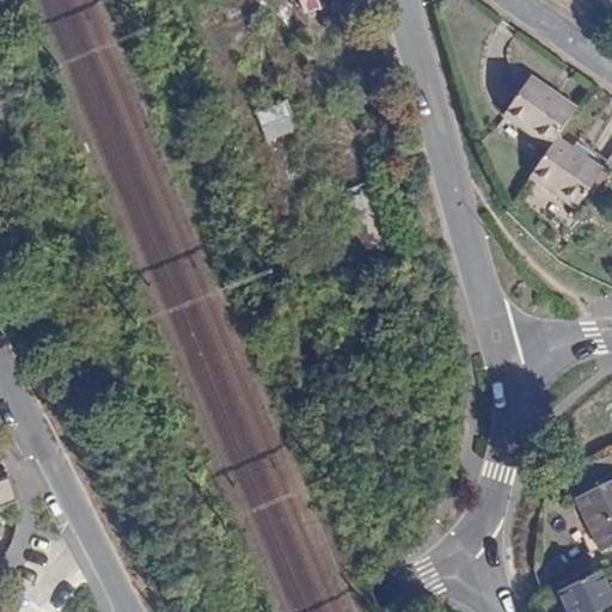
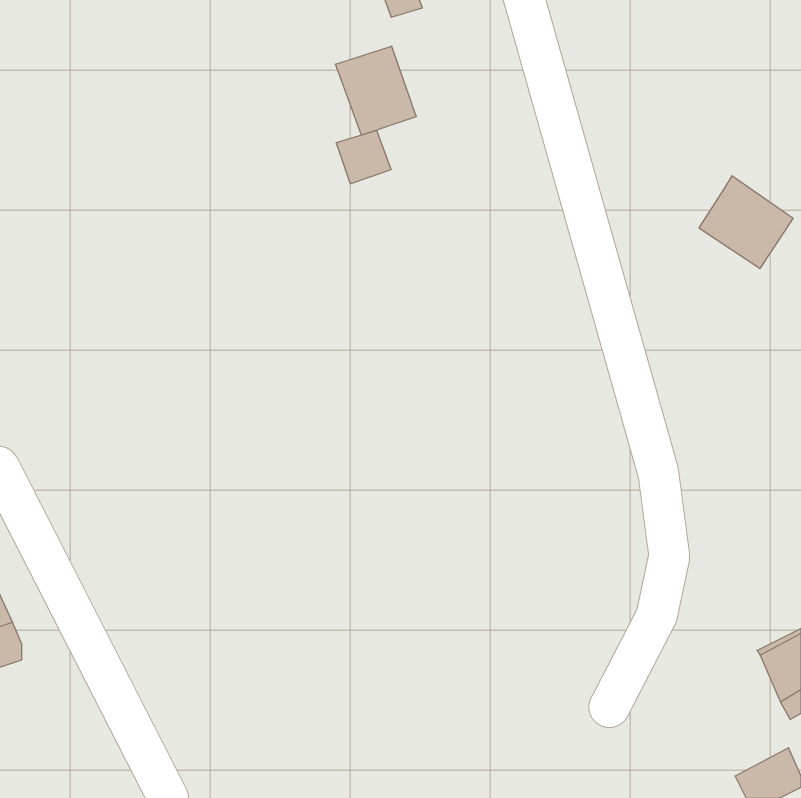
building: none -> [336,46,416,135]
building: [504,75,576,143] -> none

